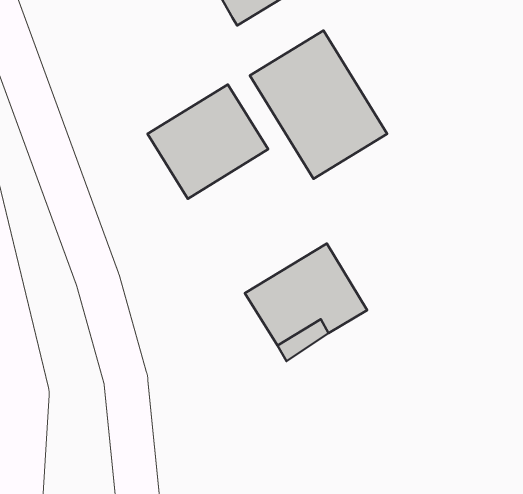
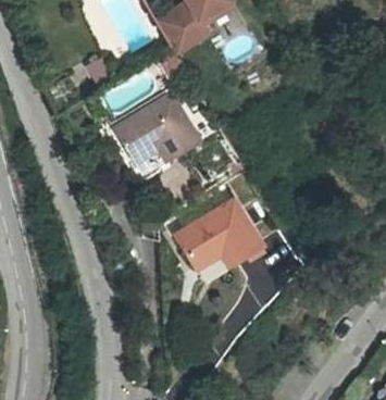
building: [250,31,387,179] -> none

